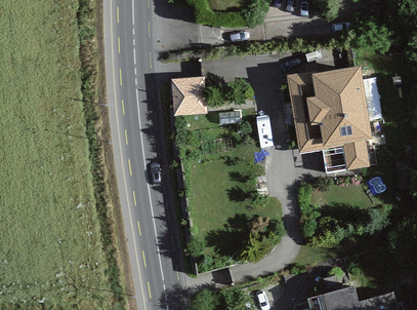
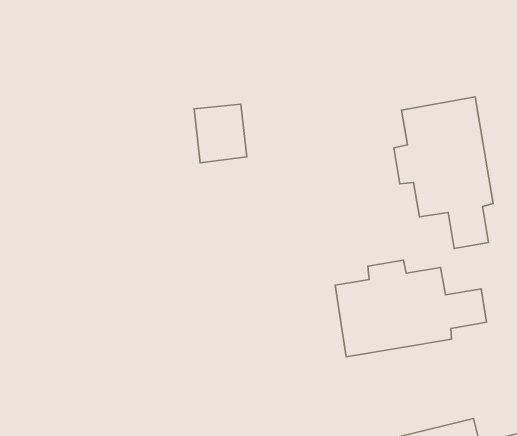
building: none -> [335,260,487,357]

